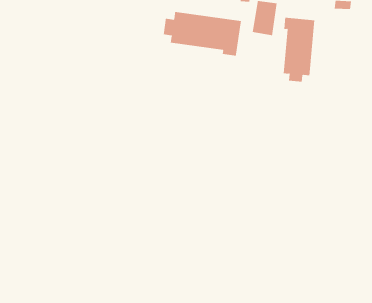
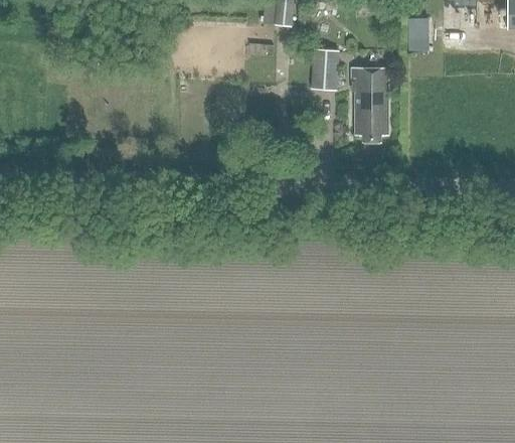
building: [163,11,241,57] -> none

